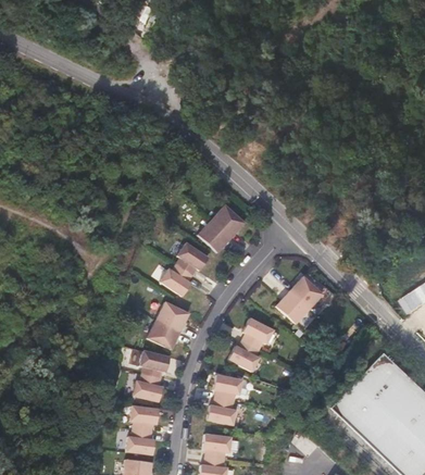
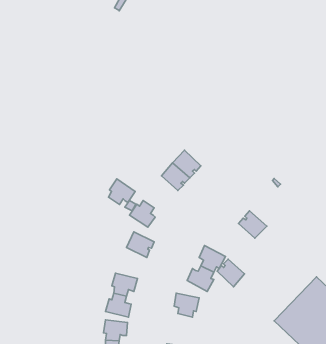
building: [177,242,209,273] -> [109,179,135,204]
building: [277,291,310,324] -> [217,259,245,287]
building: [148,320,182,350] -> none
building: [208,398,237,425] -> none

